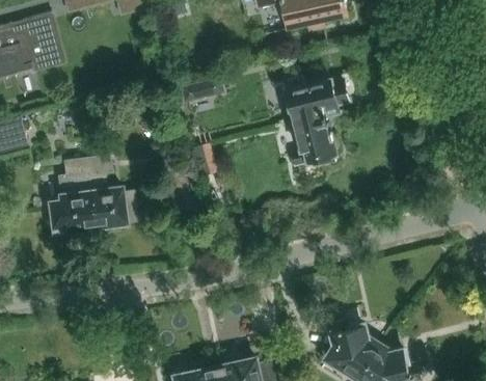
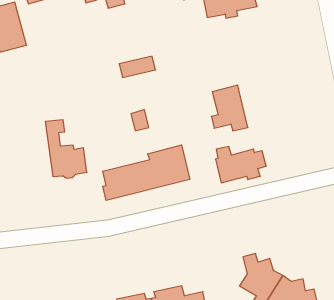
building: [285,76,347,120] -> [215,147,266,183]
building: [51,157,97,233] -> none
building: none -> [103,145,190,200]

